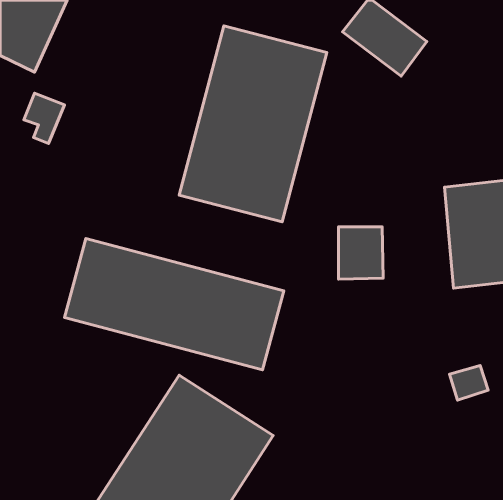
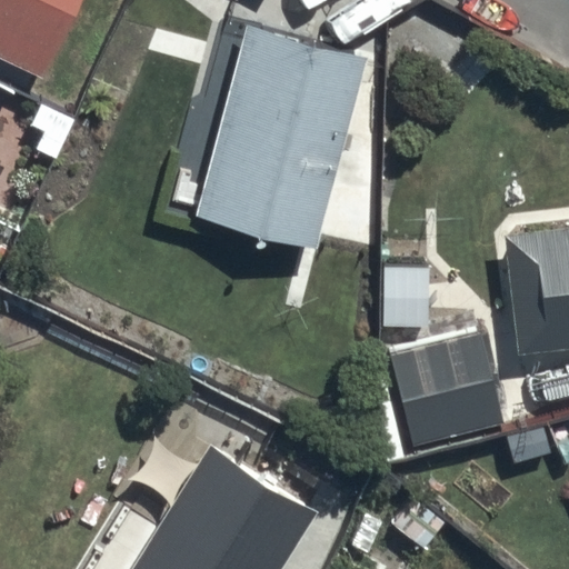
building: [64,239,284,370] -> none
building: none -> [386,327,503,438]

